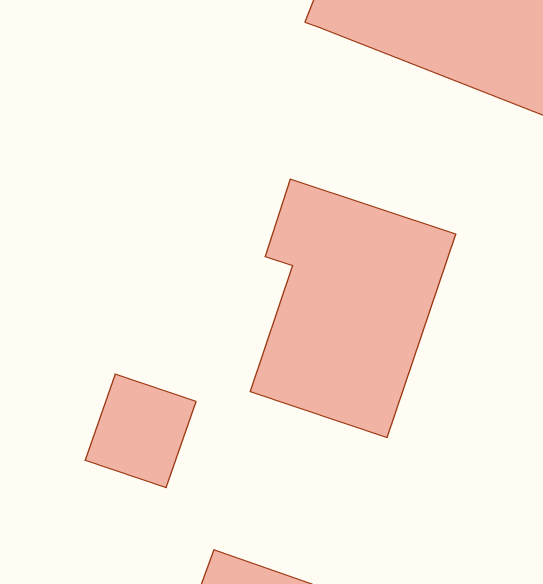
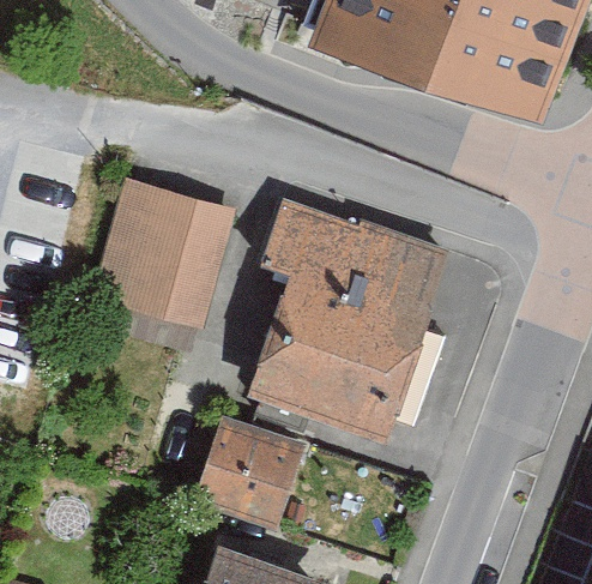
building: none -> [97,182,232,324]
building: [85,374,196,488] -> [195,420,302,529]

